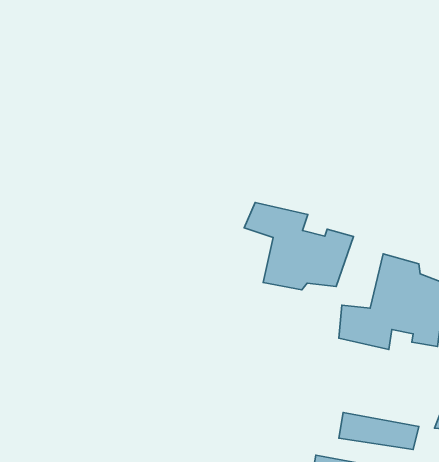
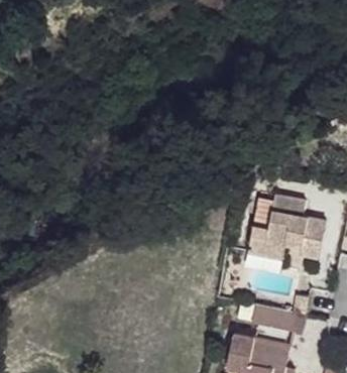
building: [244,202,354,290] -> none

